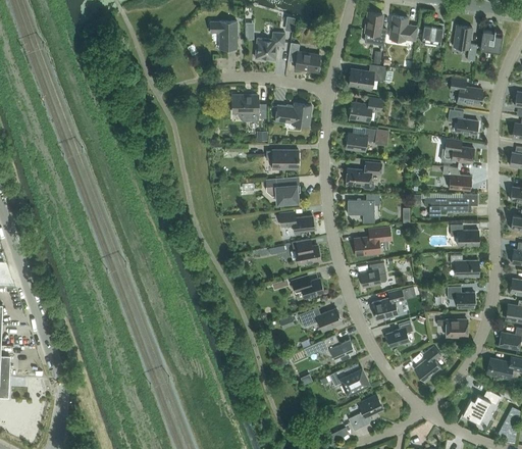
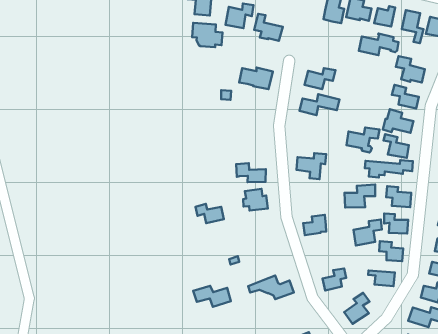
building: [349,63,393,88] -> [359,33,399,55]
building: [232,95,266,120] -> [192,23,223,47]
building: [266,149,299,168] -> none
building: [346,161,381,189] -> [346,127,380,152]
building: [265,177,299,202] -> none
building: [356,226,390,254] -> [344,184,375,207]
building: [292,276,324,297] -> [196,204,224,223]
building: [372,288,404,319] -> [354,219,382,246]
building: [299,306,342,330] -> [193,286,231,307]
building: [328,363,368,392] -> none

